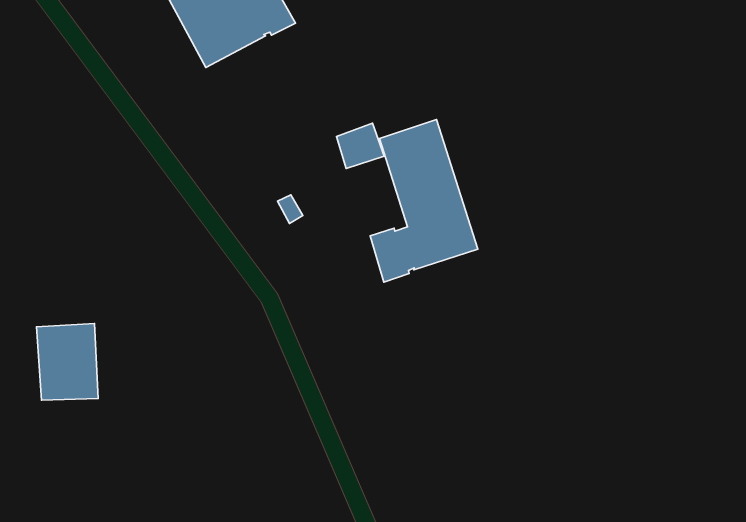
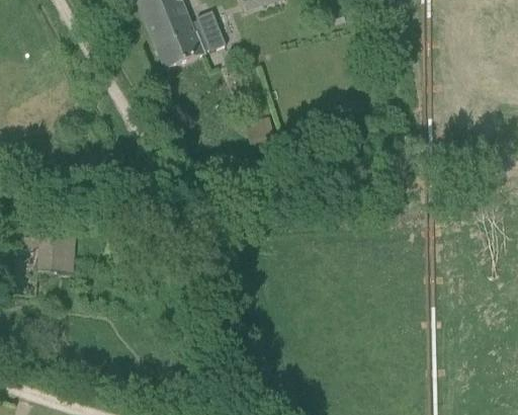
building: [370,120,478,282] -> none

